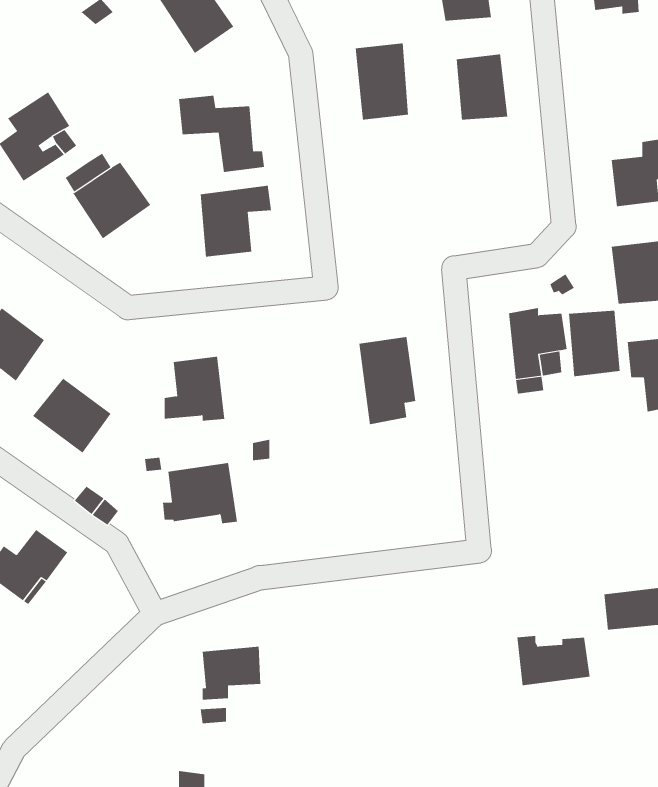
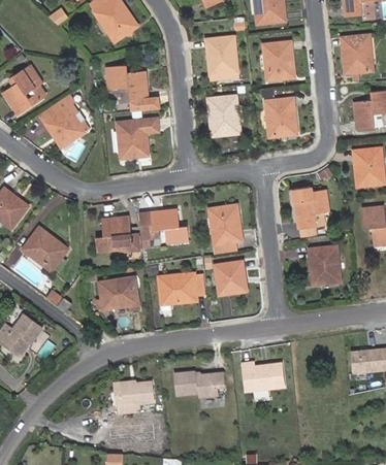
building: none -> [341,35,373,74]
building: none -> [207,96,240,135]
building: none -> [265,98,296,137]
building: [568,310,621,377] -> [310,246,340,285]
building: none -> [139,209,188,244]
building: none -> [215,261,247,295]
building: none -> [158,273,204,309]
building: none -> [175,371,225,397]
building: [517,635,590,686] -> [240,364,283,393]

